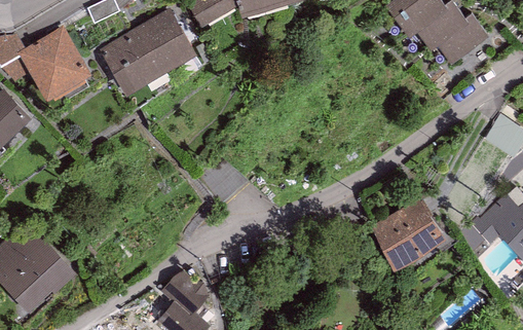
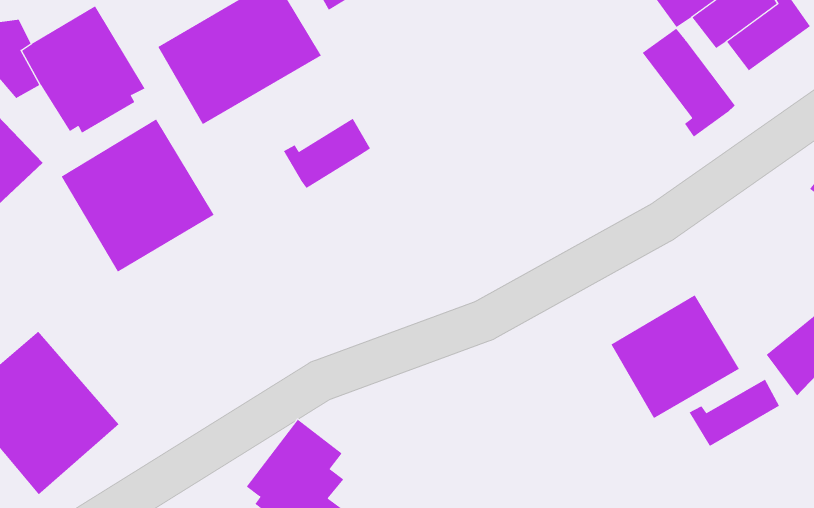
building: none -> [642,28,736,138]
building: none -> [283,118,371,189]
building: none -> [61,118,214,272]
building: none -> [689,379,780,447]

